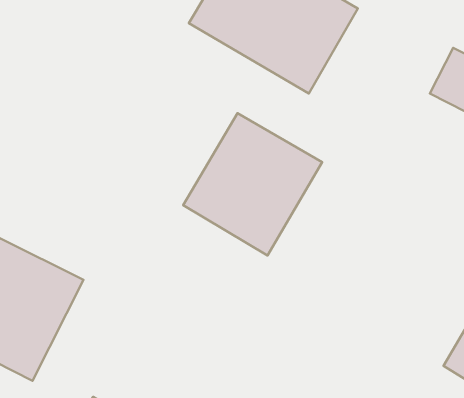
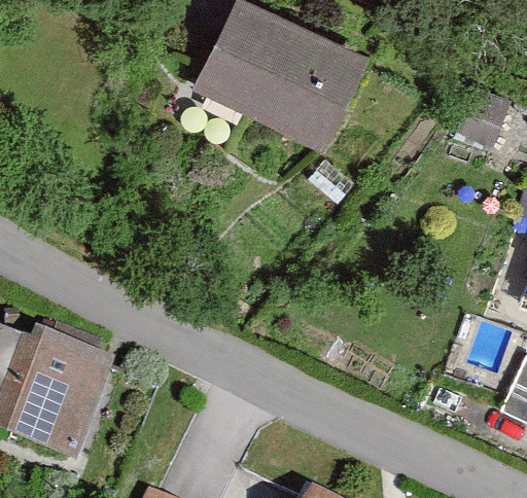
building: [183,113,322,255] -> none

